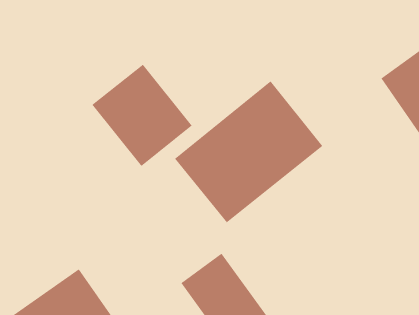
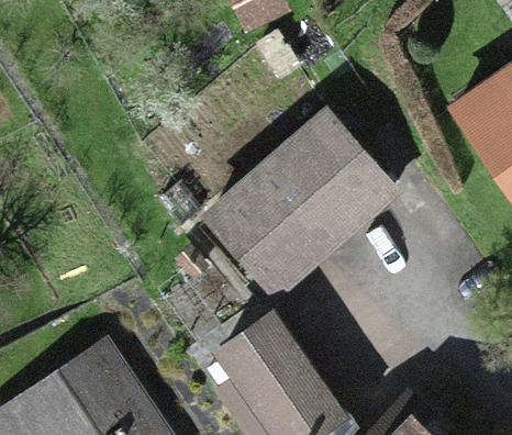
building: [91,64,193,167] -> none

